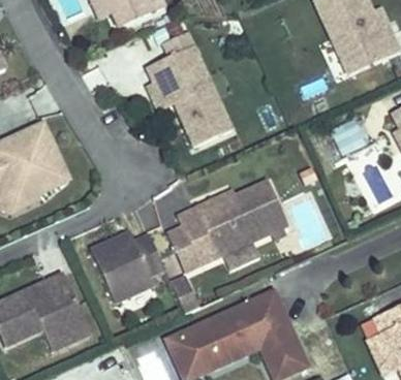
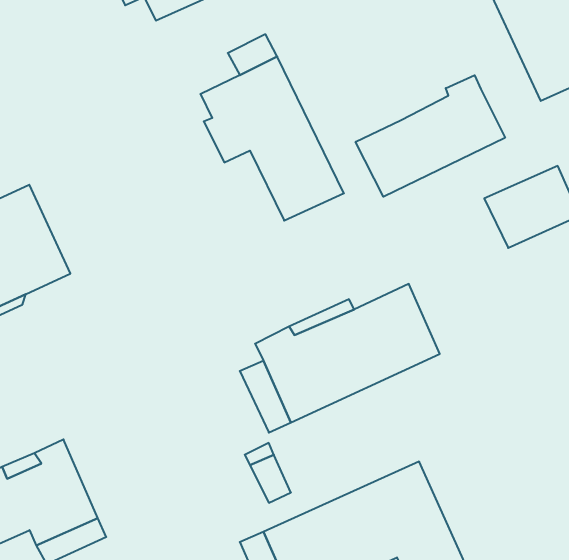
building: none -> [356,75,505,197]
building: [90,236,162,303] -> none

